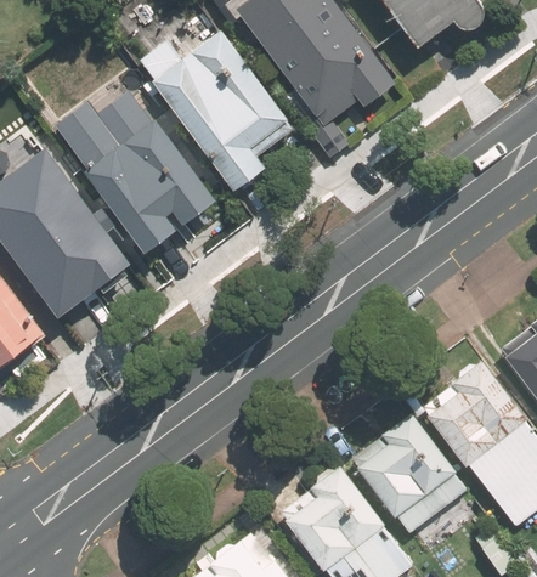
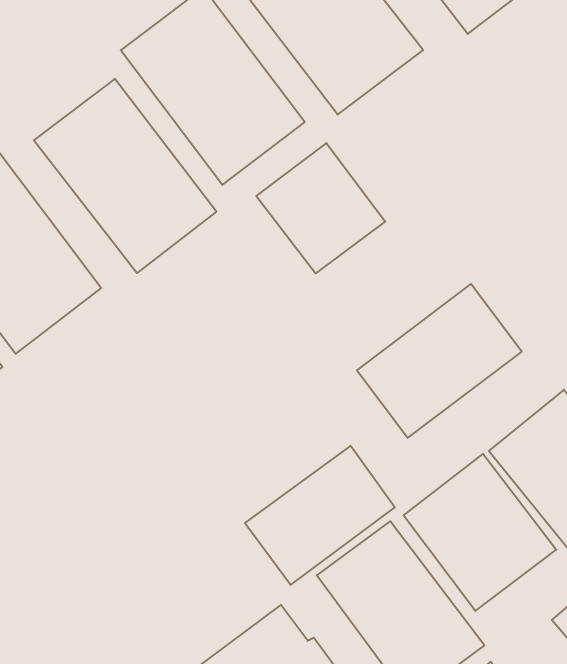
building: none -> [256,143,385,273]
building: none -> [357,284,522,438]
building: none -> [245,446,395,585]

